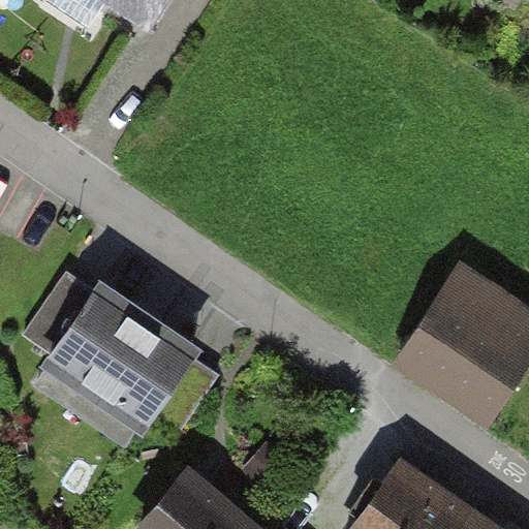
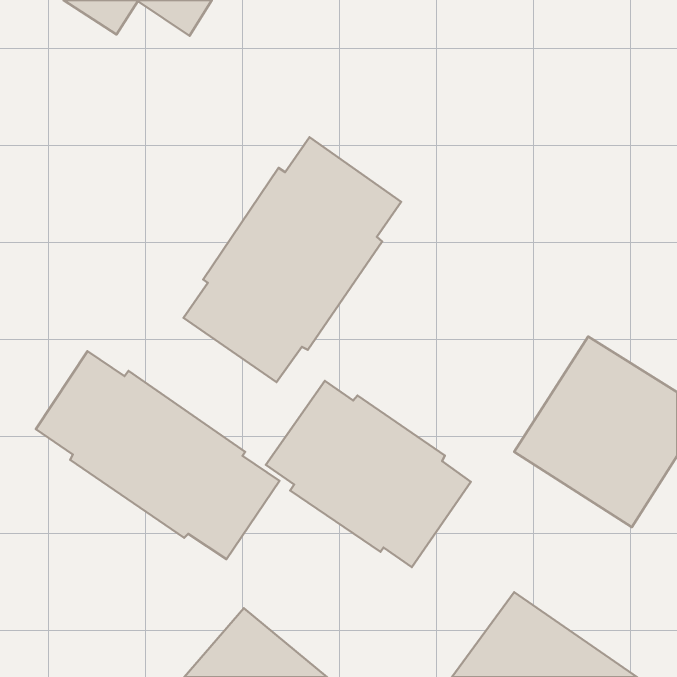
building: none -> [183,137,401,382]
building: none -> [266,381,471,567]

